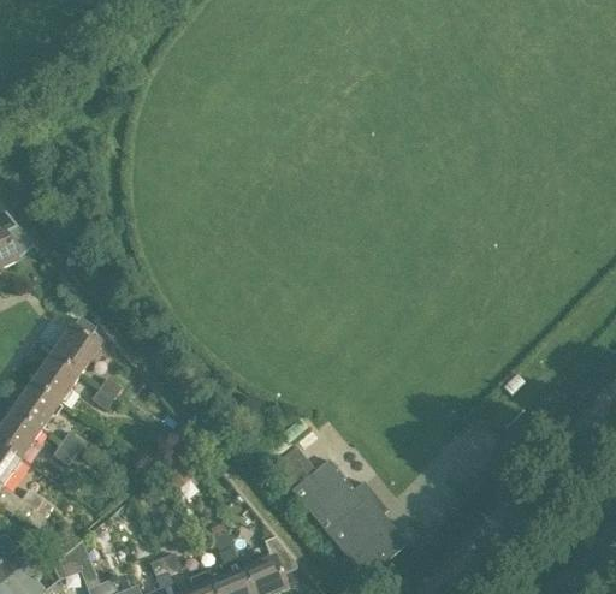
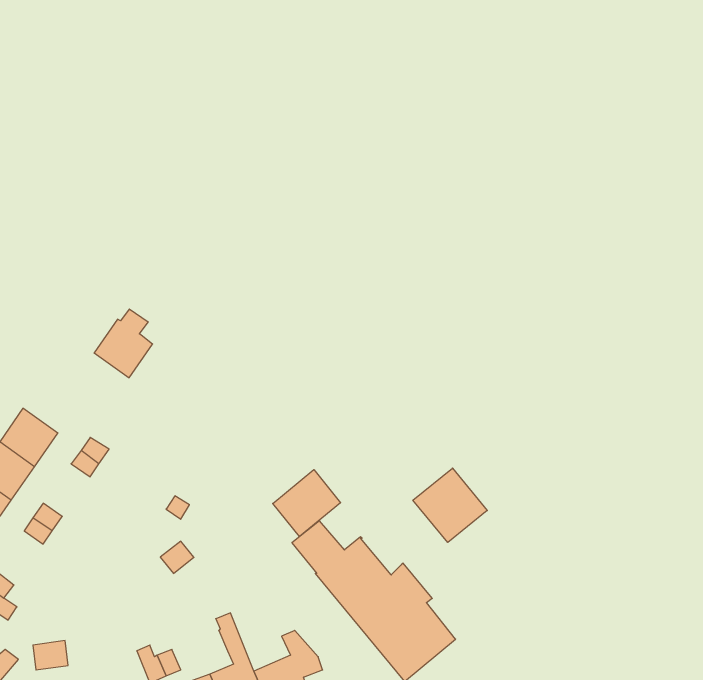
building: [51,319,99,375] -> [94,309,153,378]
building: none -> [413,468,487,542]
building: none -> [273,470,341,537]

